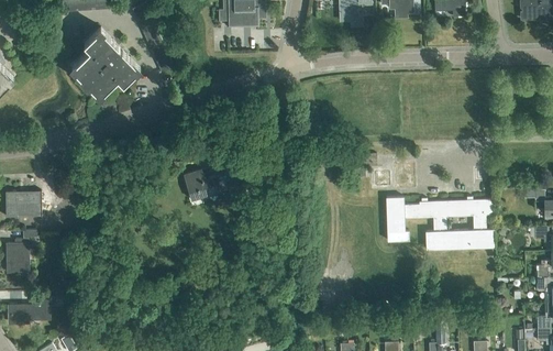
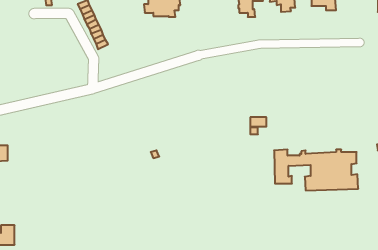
building: [71,28,140,96] -> none
building: [184,169,233,205] -> none

